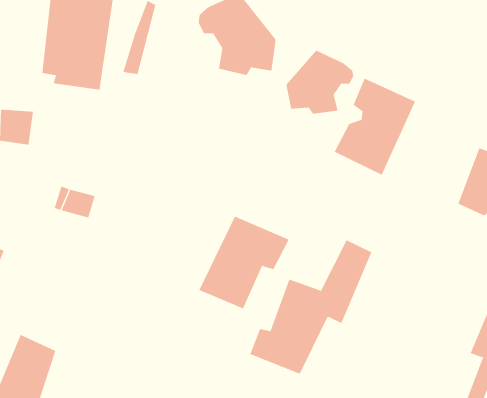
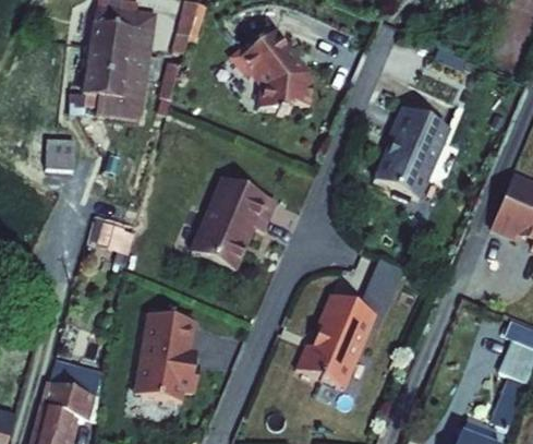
building: [286,50,354,115] -> none
building: [198,216,290,309] -> [185,176,274,266]
building: none -> [135,304,196,392]

